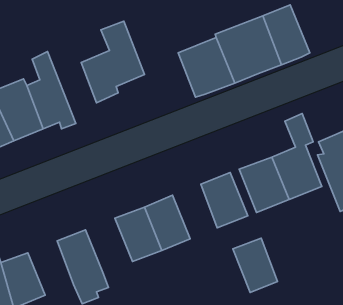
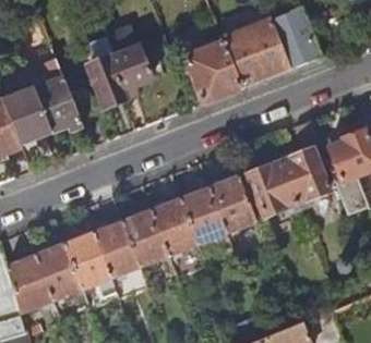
building: none -> [92,217,139,277]
building: [233,238,277,292] -> [179,188,224,243]
building: none -> [34,245,80,299]

